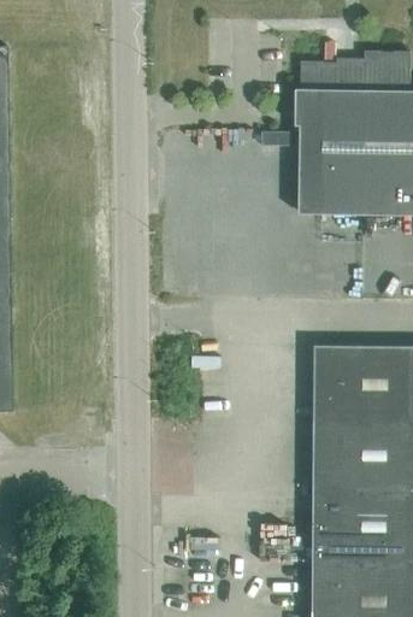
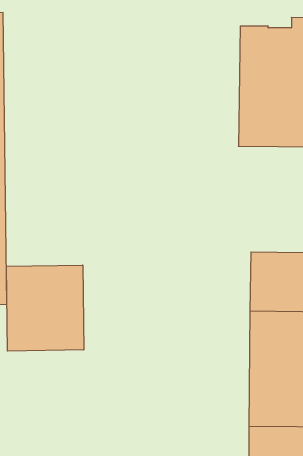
building: none -> [6,265,84,351]

